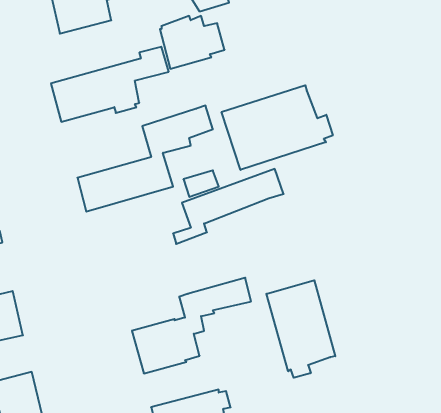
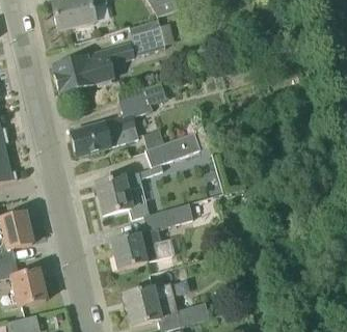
building: [222,85,333,170] -> none
building: none -> [96,171,141,215]
building: [266,280,335,378] -> none

